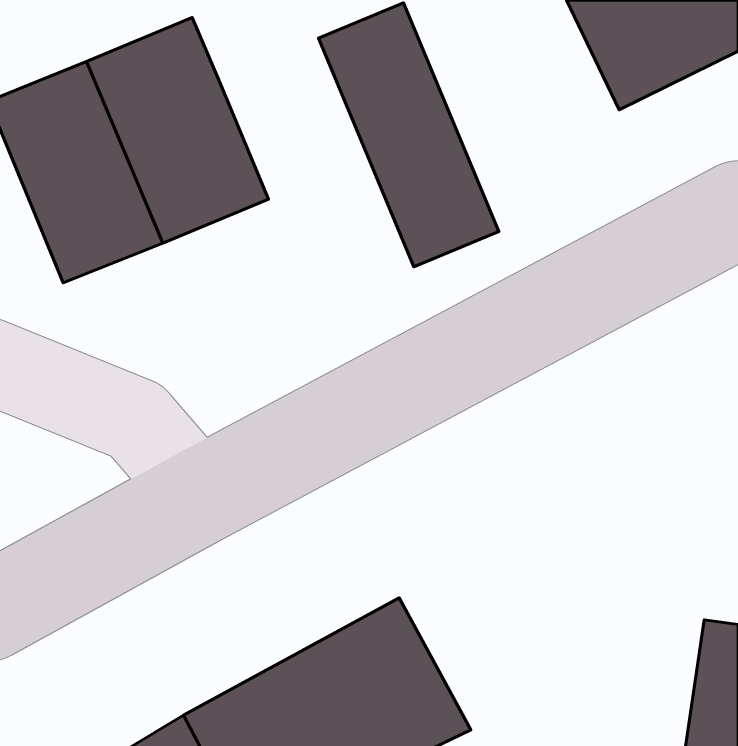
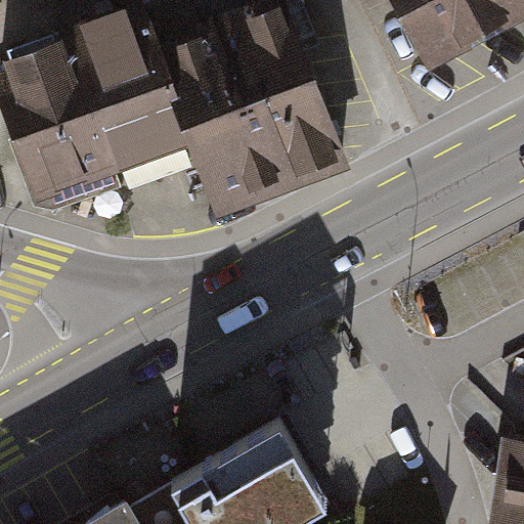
building: none -> [152,29,289,218]

